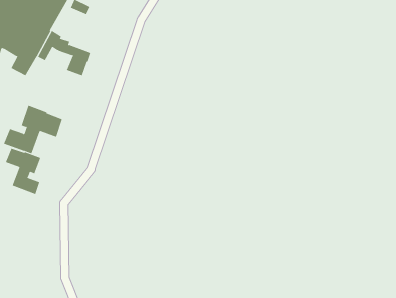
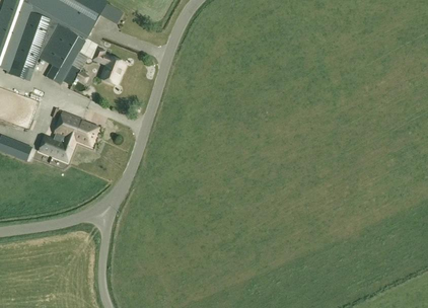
building: [5,148,41,195] -> none

